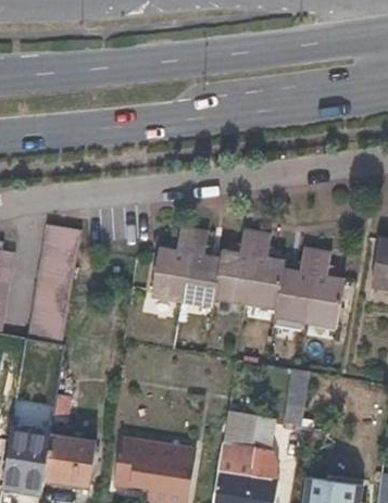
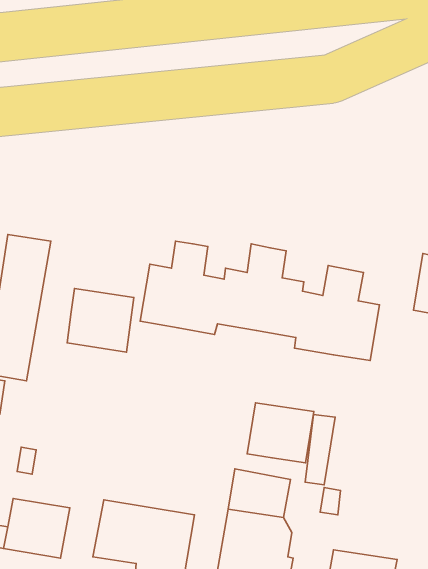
building: none -> [67,288,134,352]
building: none -> [247,403,314,463]

